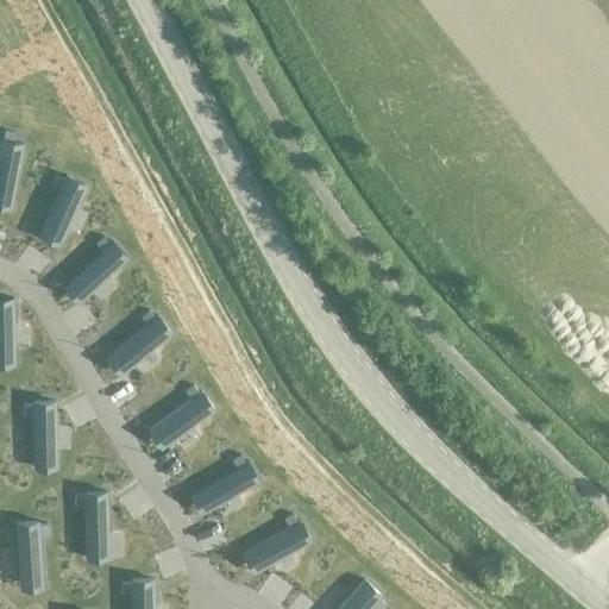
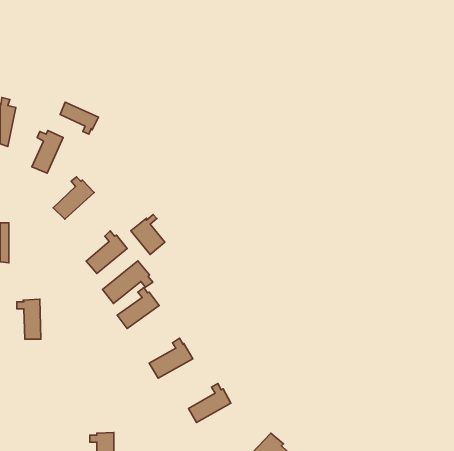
building: none -> [60,102,99,134]
building: none -> [131,215,165,254]
building: none -> [103,261,153,304]
building: [74,496,107,550] -> none
building: [14,526,48,579] -> none

